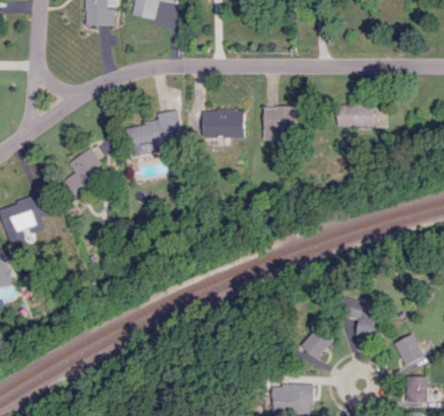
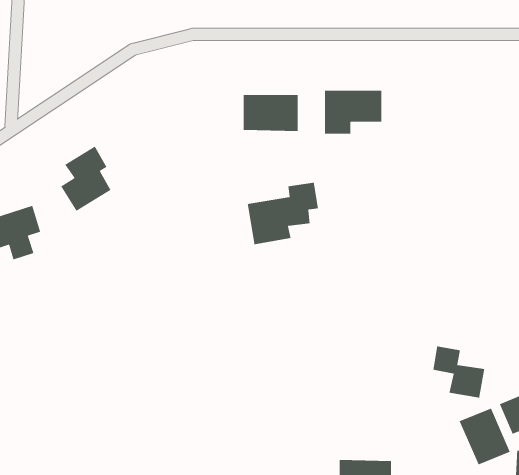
building: [336,105,383,127] -> none
building: [126,110,180,157] -> [247,182,319,245]
building: [301,327,332,359] -> none
building: none -> [459,408,511,466]

